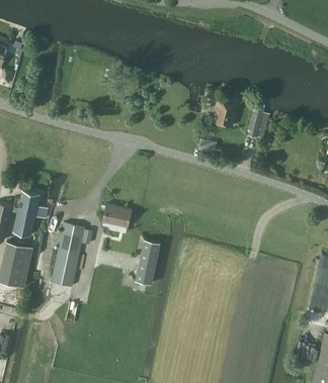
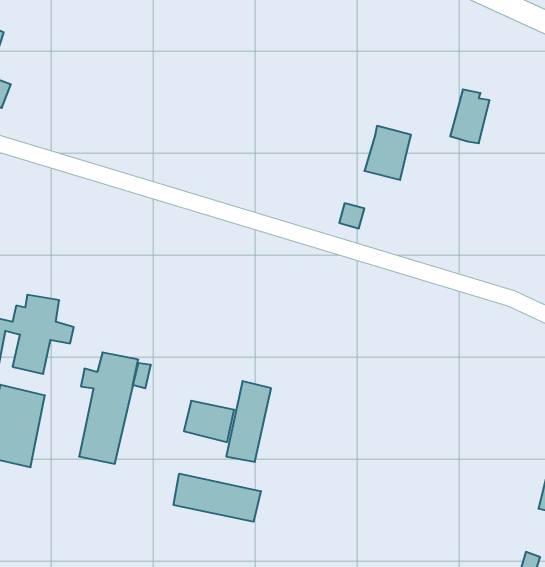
building: [247,108,269,138] -> [450,89,490,143]
building: [103,204,132,227] -> [184,401,234,442]
building: none -> [174,474,261,522]

